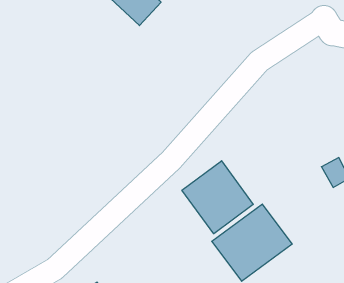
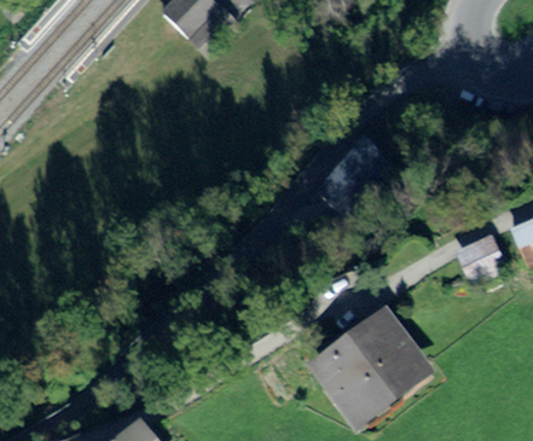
building: [182,161,253,234] -> none

